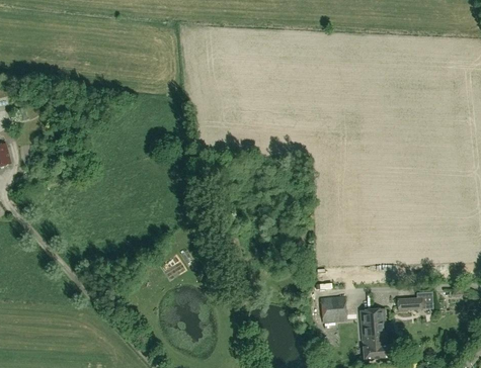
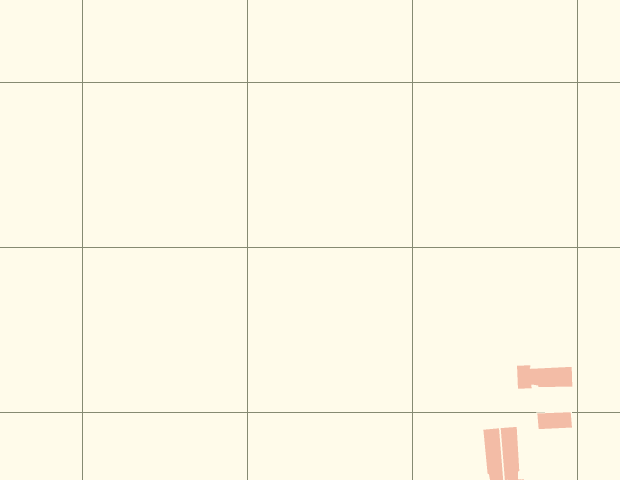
building: none -> [516,364,573,389]
building: [320,295,346,321] -> none

